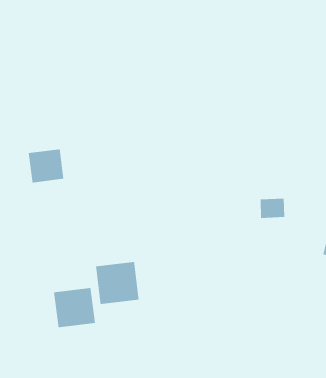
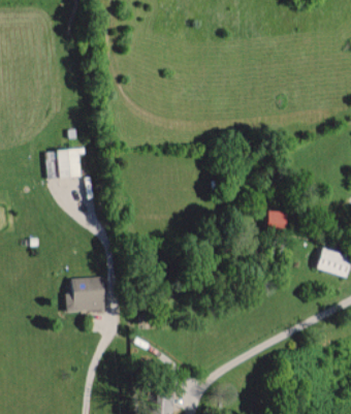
building: [95,261,139,305] -> none

